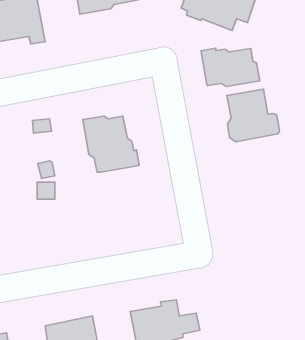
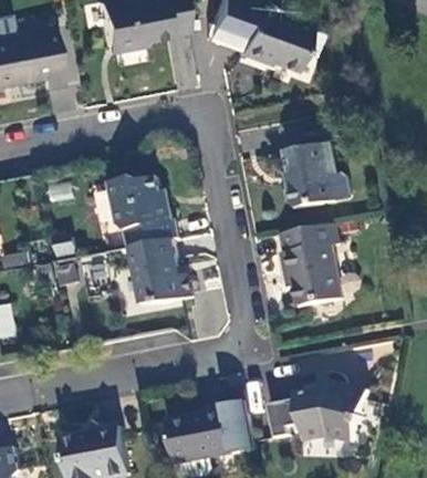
building: [201,48,260,86] -> none
building: none -> [281,222,341,306]
building: none -> [129,238,191,302]
building: none -> [268,381,367,439]

